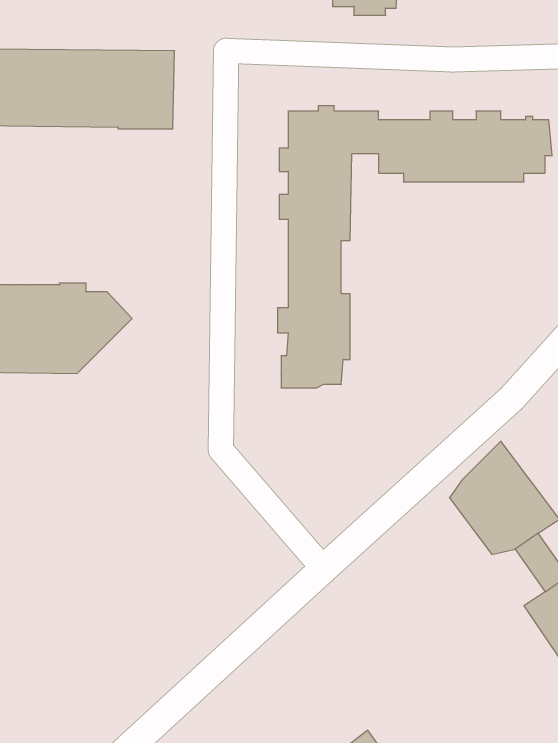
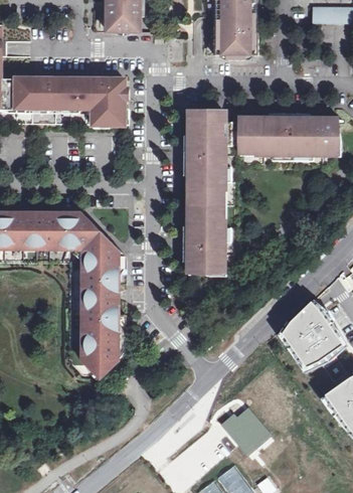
building: none -> [69,231,127,375]
building: none -> [220,405,271,455]

